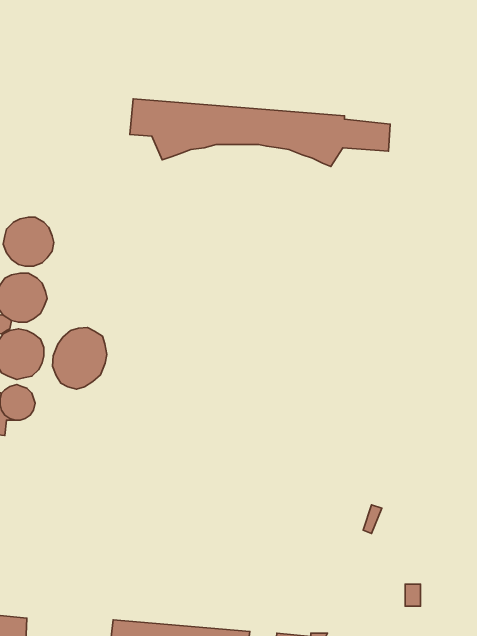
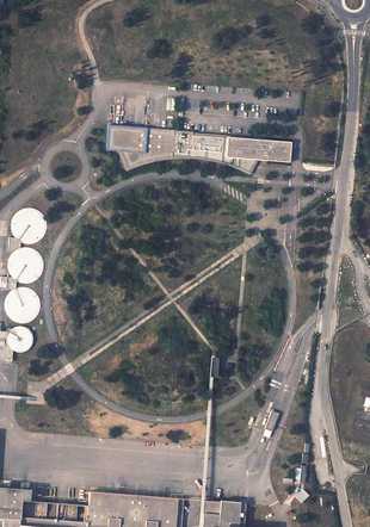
building: [53,328,107,389] -> none

